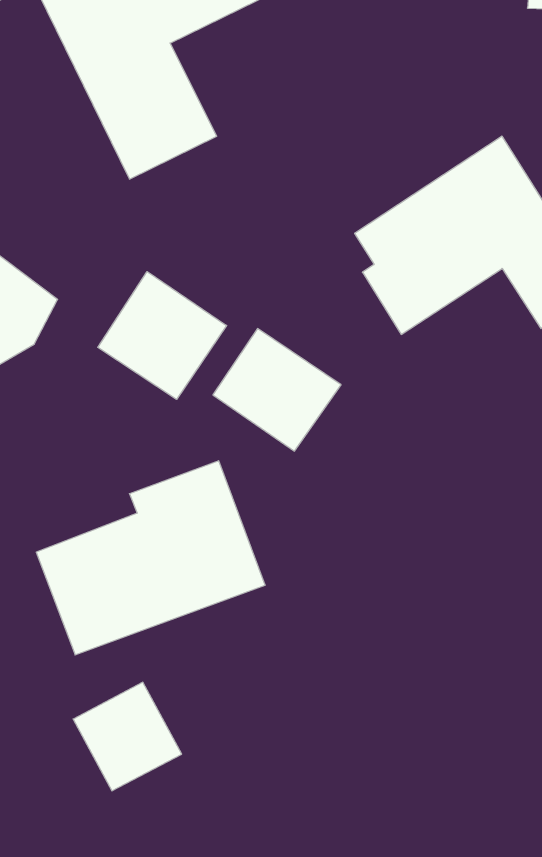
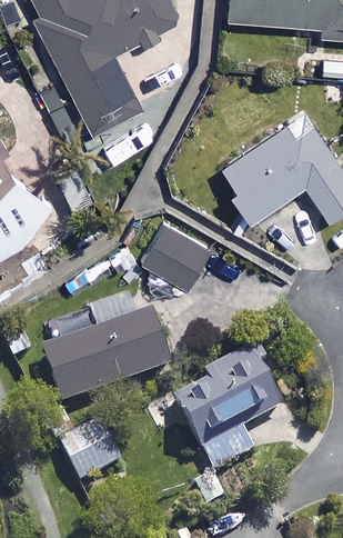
building: [98,272,227,399] -> none
building: none -> [170,353,280,474]

